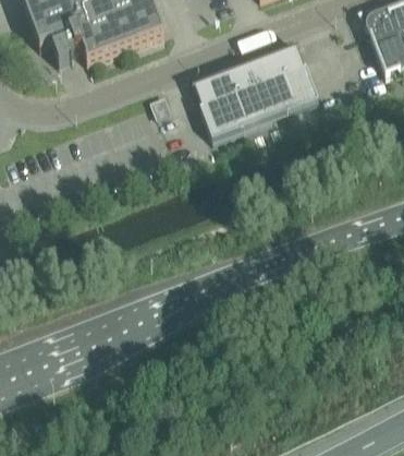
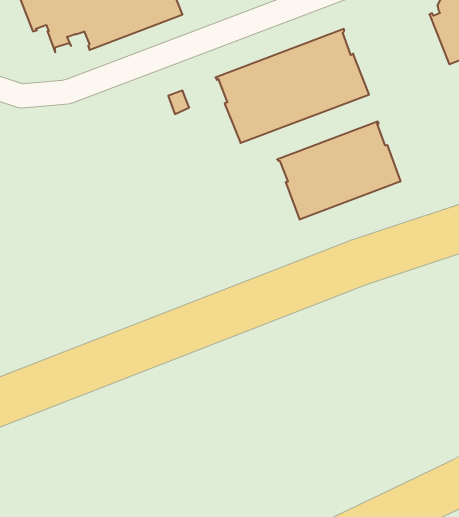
building: none -> [277,121,400,220]

